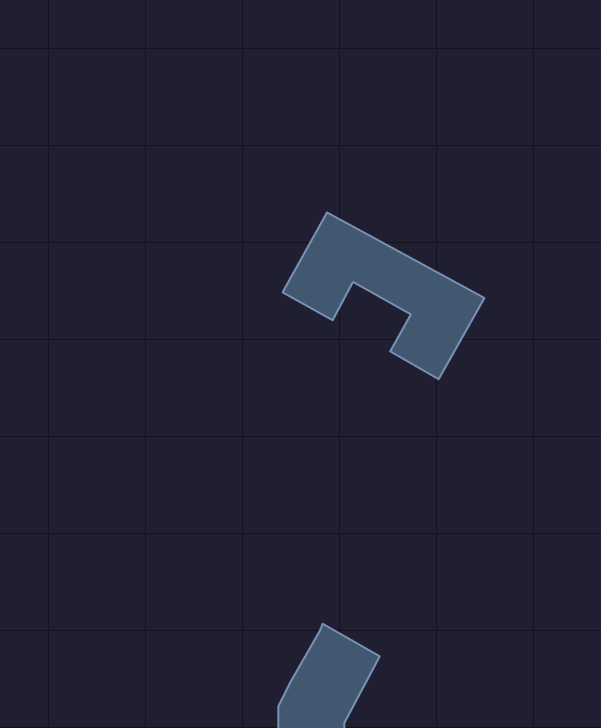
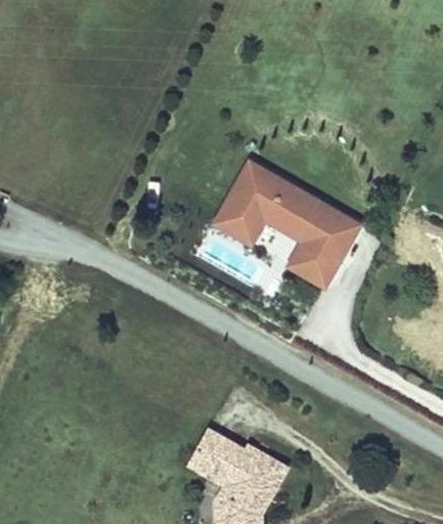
building: none -> [189,433,245,489]

